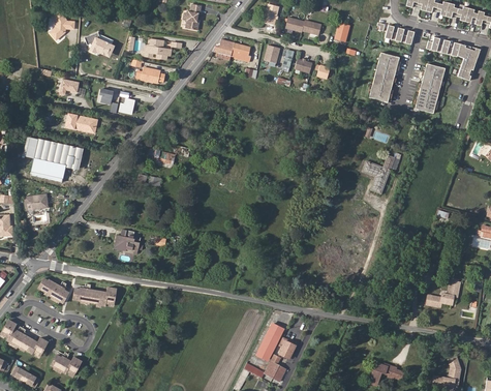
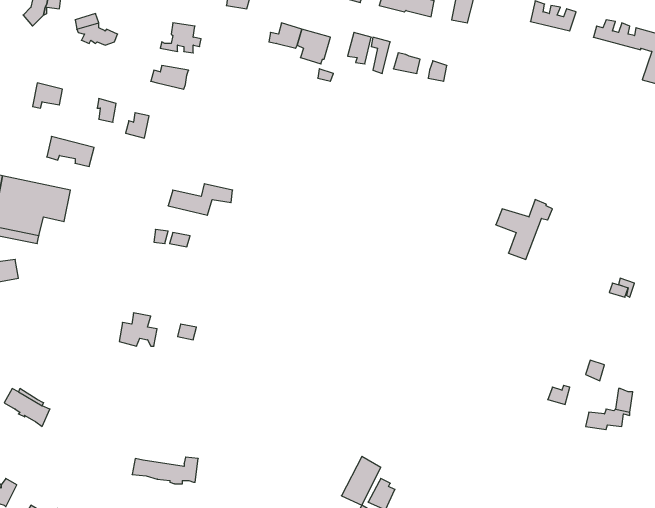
building: [369,52,399,101] -> none
building: [415,62,446,112] -> none
building: [73,288,117,305] -> [132,457,198,484]

